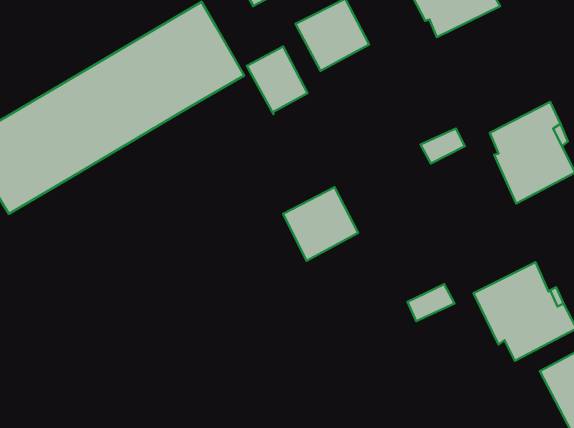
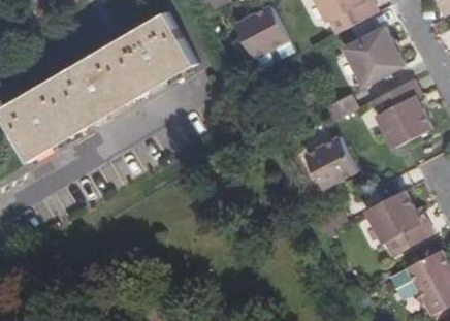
building: none -> [344,30,404,87]
building: [247,46,308,114] -> none
building: [283,187,358,261] -> [301,138,354,190]

